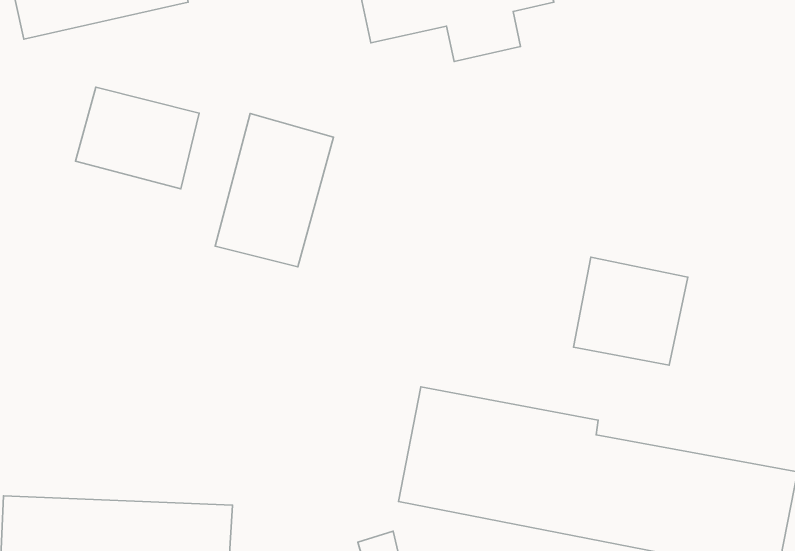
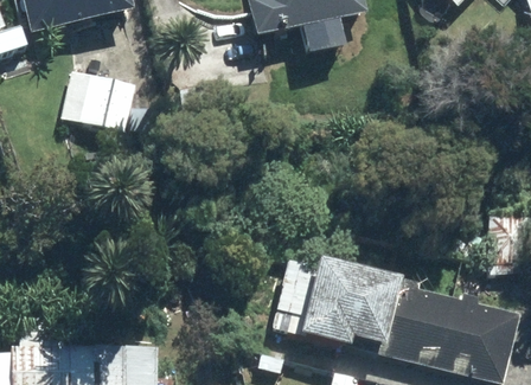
building: [215,113,333,267] -> none
building: [573,257,688,365] -> none

